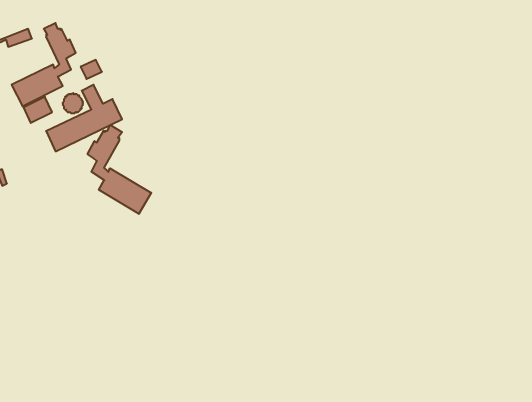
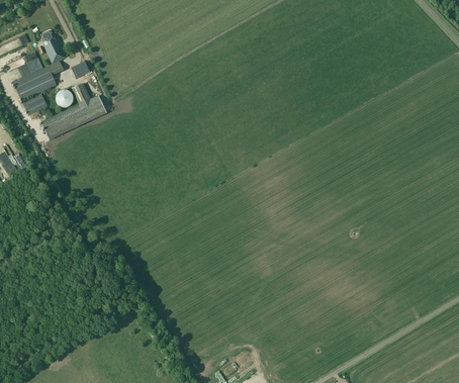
building: [88,125,151,214] -> none

